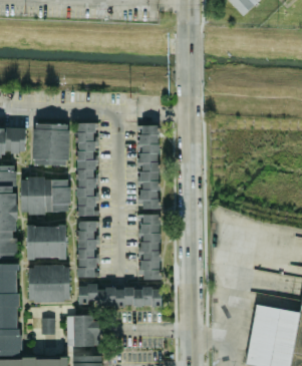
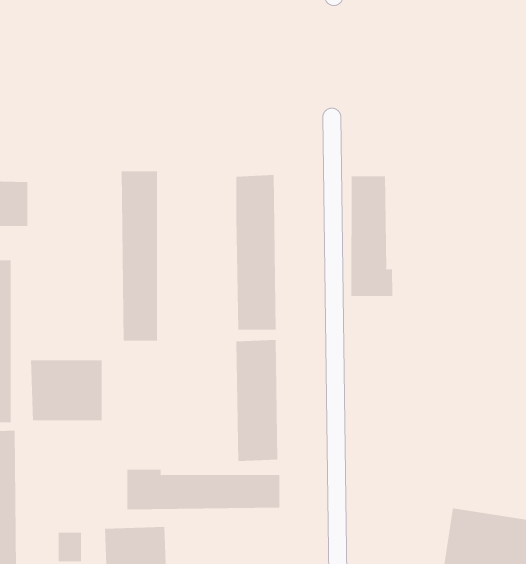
building: [32,123,69,165] -> none
building: none -> [351,175,393,297]
building: [20,177,70,213] -> none
building: [77,221,96,277] -> none
building: [28,265,69,301] -> none

